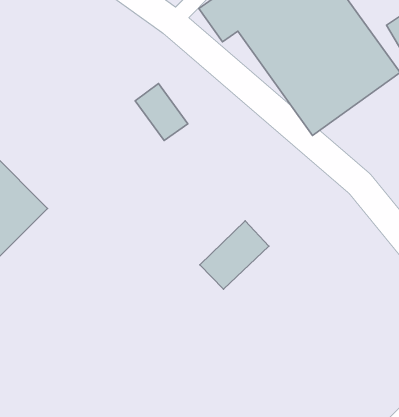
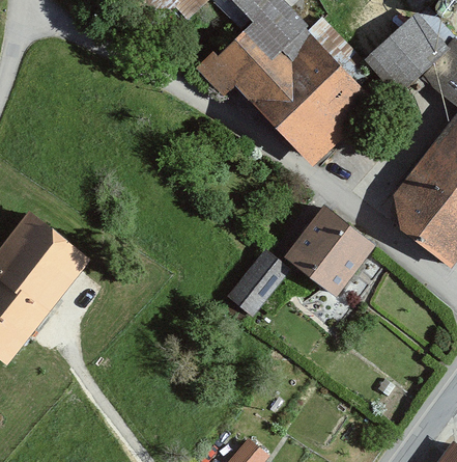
building: [135,83,188,141] -> none
building: none -> [286,209,371,295]

